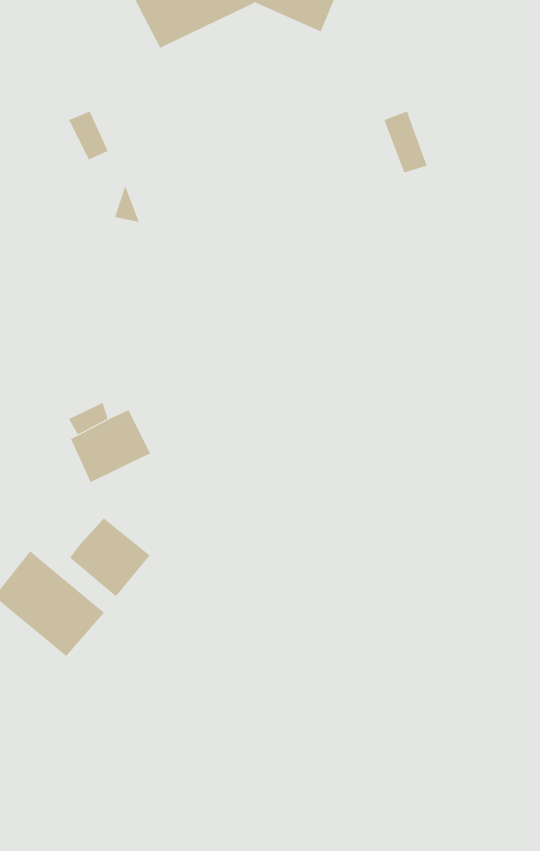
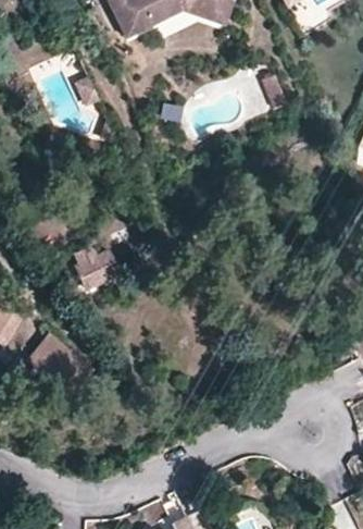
building: [69,517,151,597] -> none

